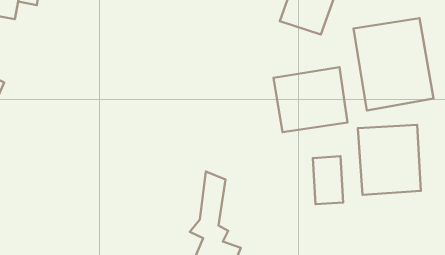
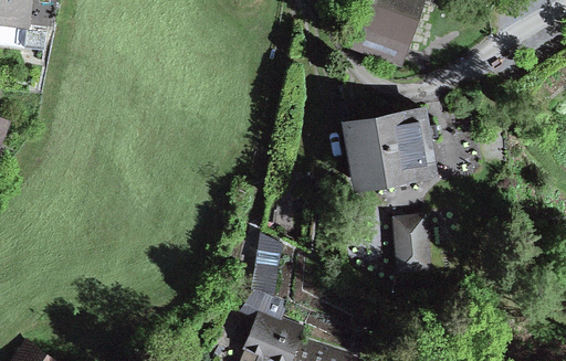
building: [354,18,433,110] -> none
building: [358,125,421,195] -> none

